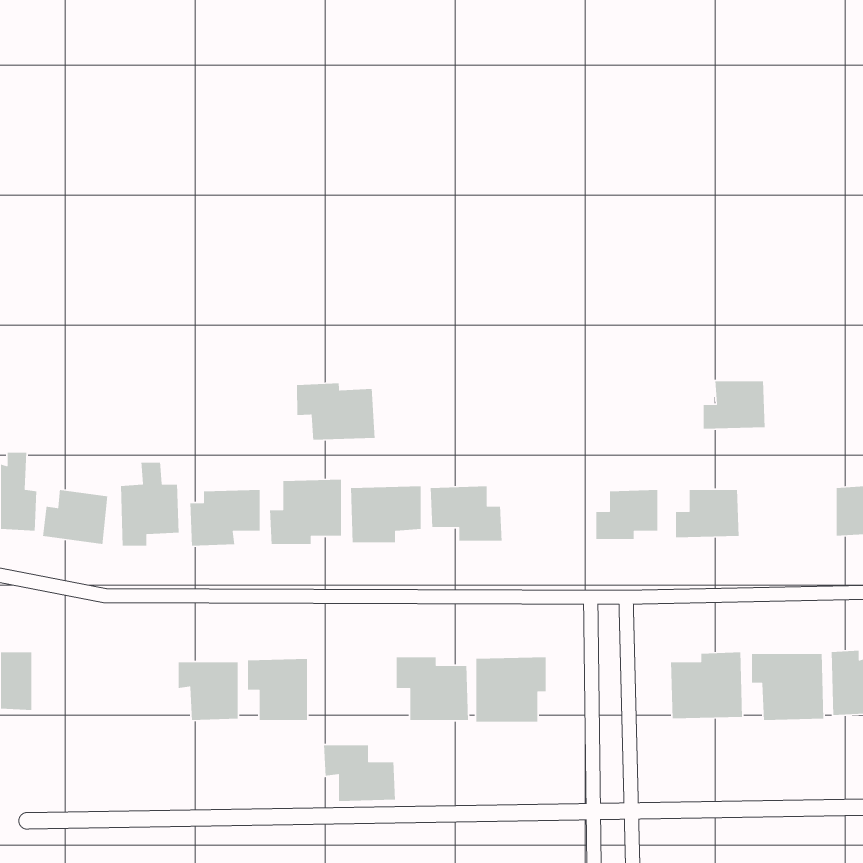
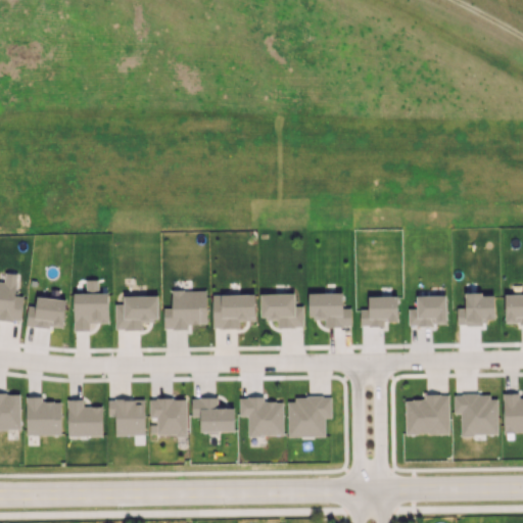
building: [703,380,765,430] -> [458,294,495,324]
building: [296,382,376,440] -> none
building: none -> [308,293,351,328]
building: none -> [26,397,61,436]
building: none -> [67,399,103,437]
building: [323,744,396,802] -> [191,398,235,433]

